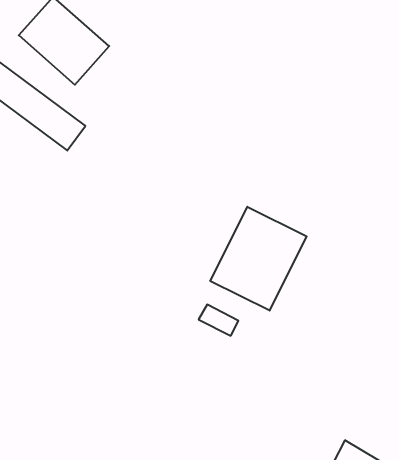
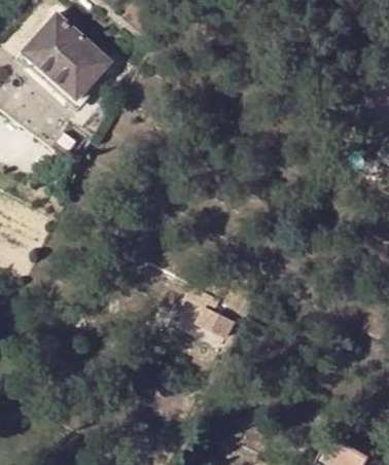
building: [210,207,307,311] -> none

